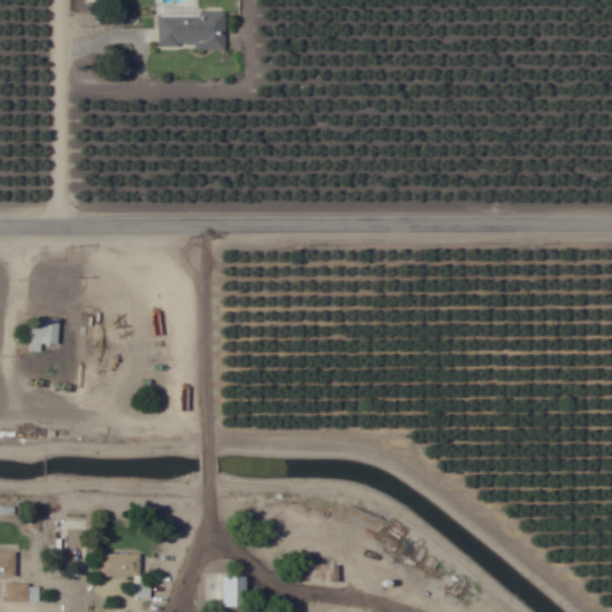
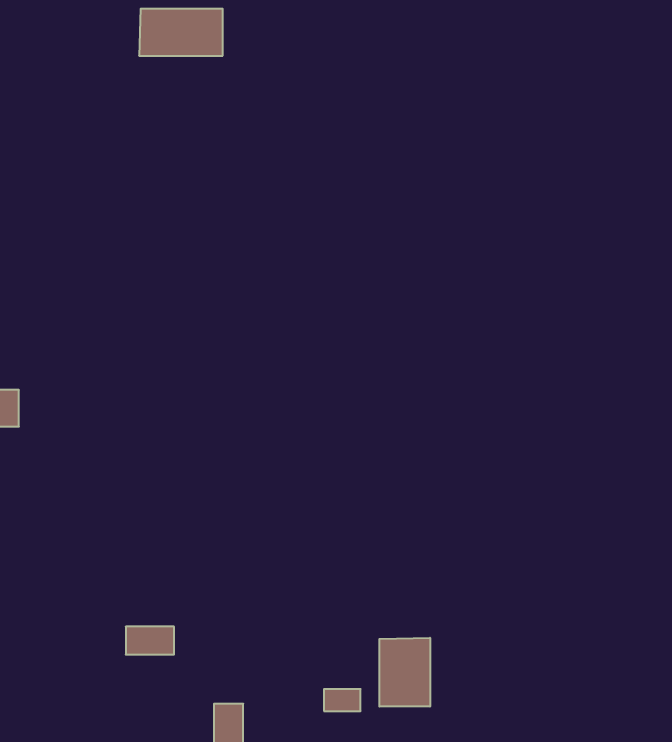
building: none -> [379,638,430,707]
building: [100,552,140,575] -> [126,627,174,655]

